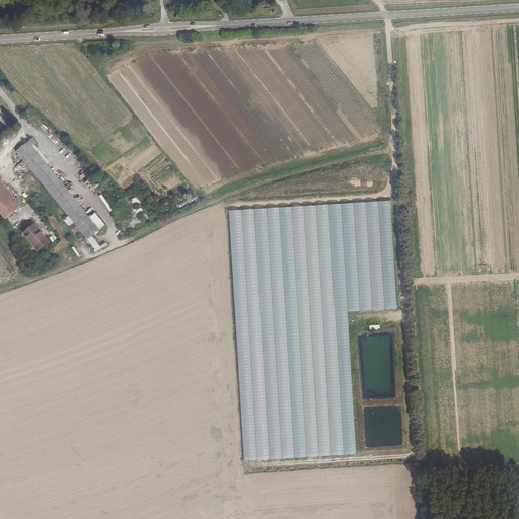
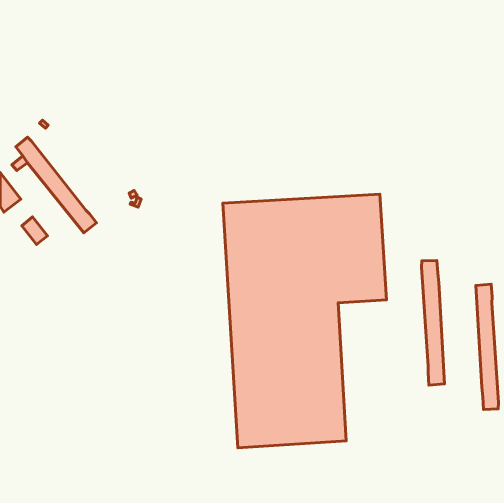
building: none -> [422,260,445,385]
building: none -> [476,284,498,409]

